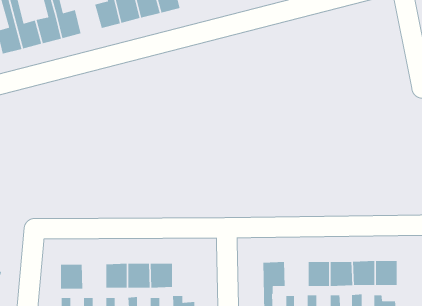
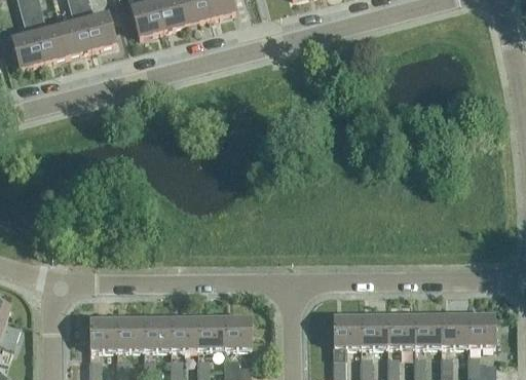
building: none -> [360,316,387,347]
building: none -> [225,317,252,348]
building: none -> [116,319,144,350]

